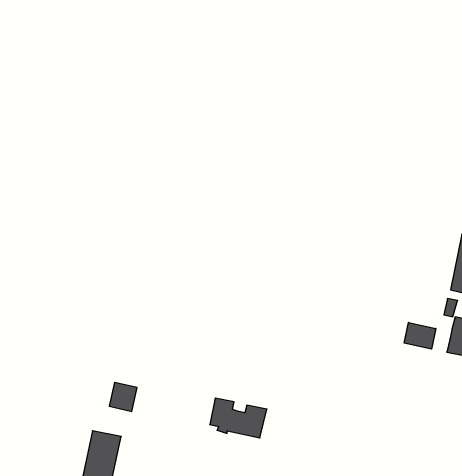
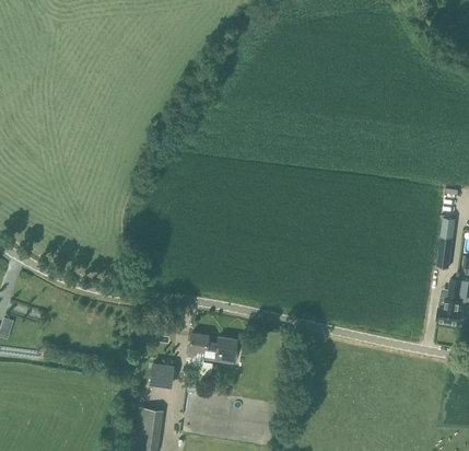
building: [404,322,436,349] -> none
building: [210,398,267,438] -> [189,333,237,365]

